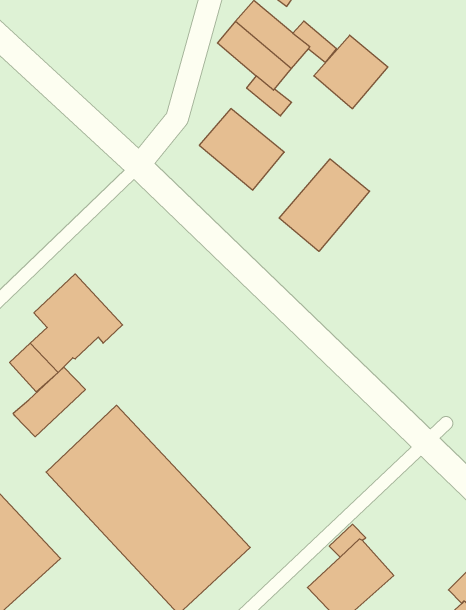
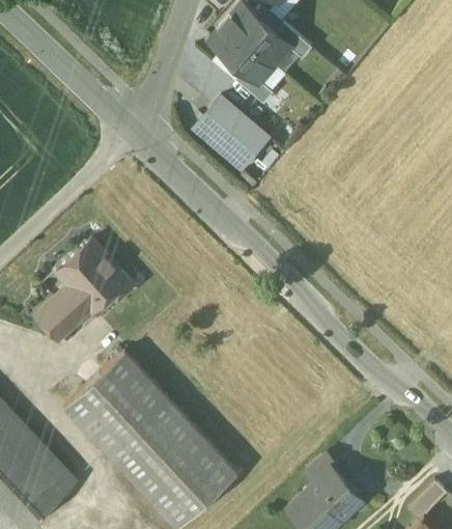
building: [314,35,388,109] -> none
building: [279,159,370,251] -> none
building: [13,367,85,437] -> none

